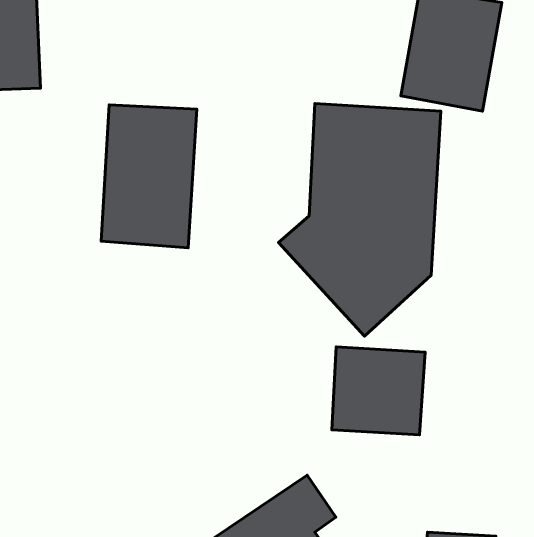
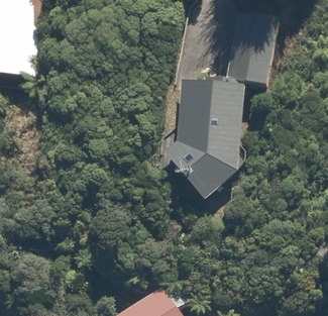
building: [101,105,197,248] -> none
building: [332,347,425,435] -> none

